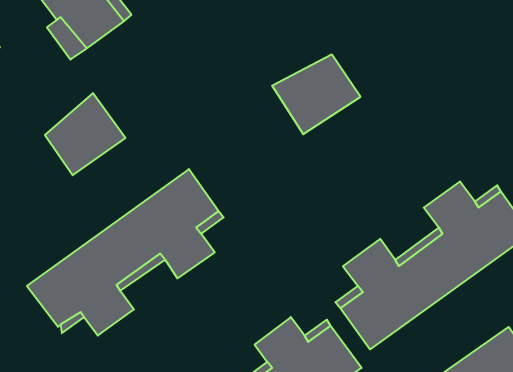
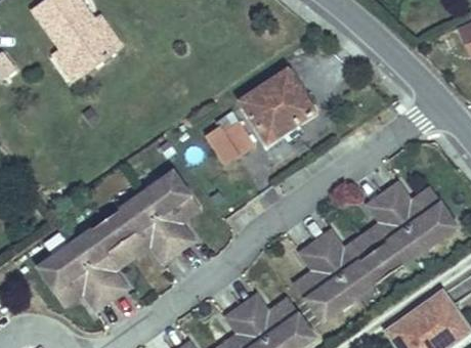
building: [45,93,125,175] -> none
building: none -> [206,125,252,162]

